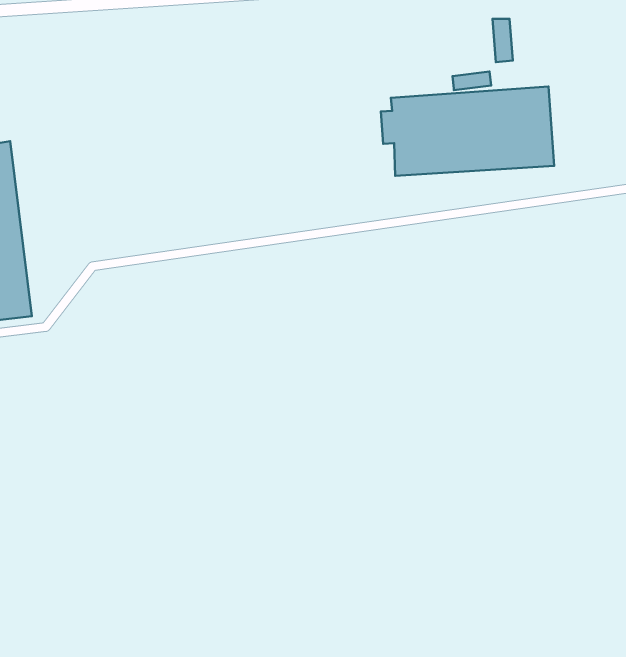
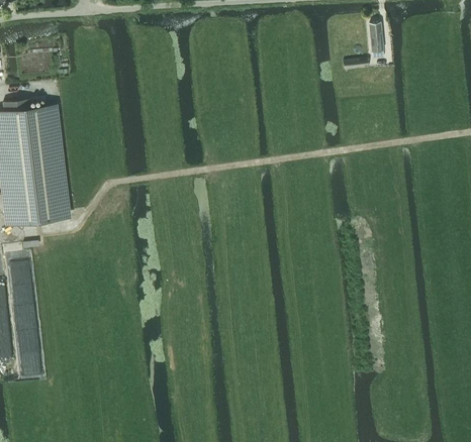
building: [381,86,554,176] -> none

